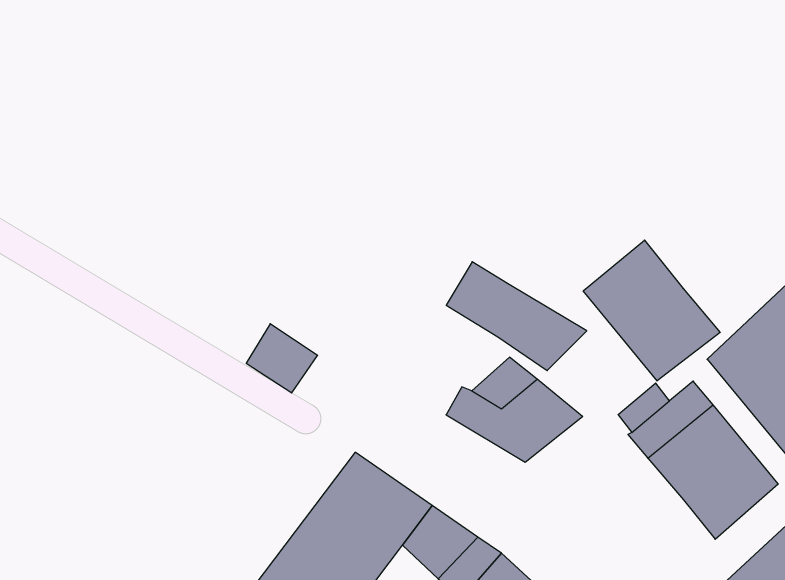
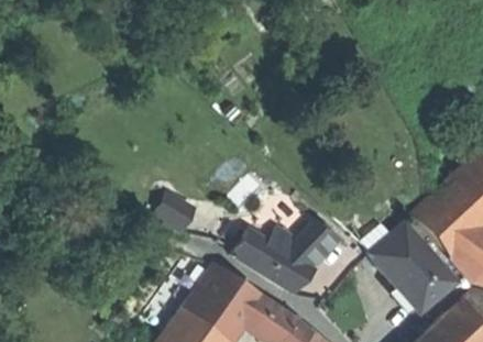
building: [583,240,720,381] -> none
building: [446,262,587,371] -> [235,231,314,291]

